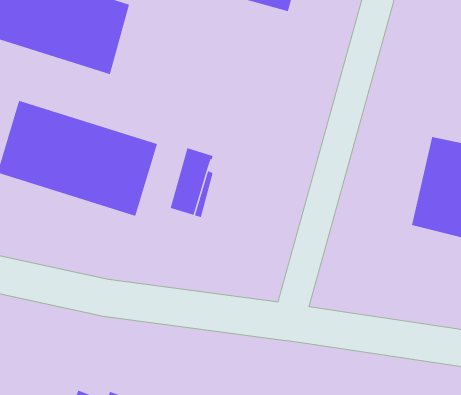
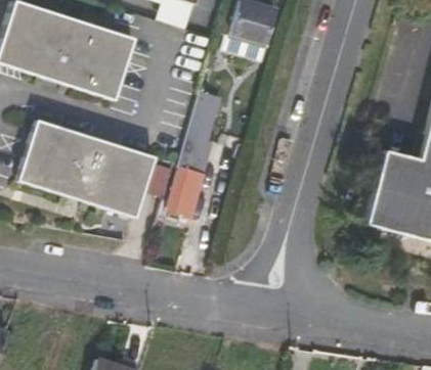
building: none -> [182,101,218,166]

